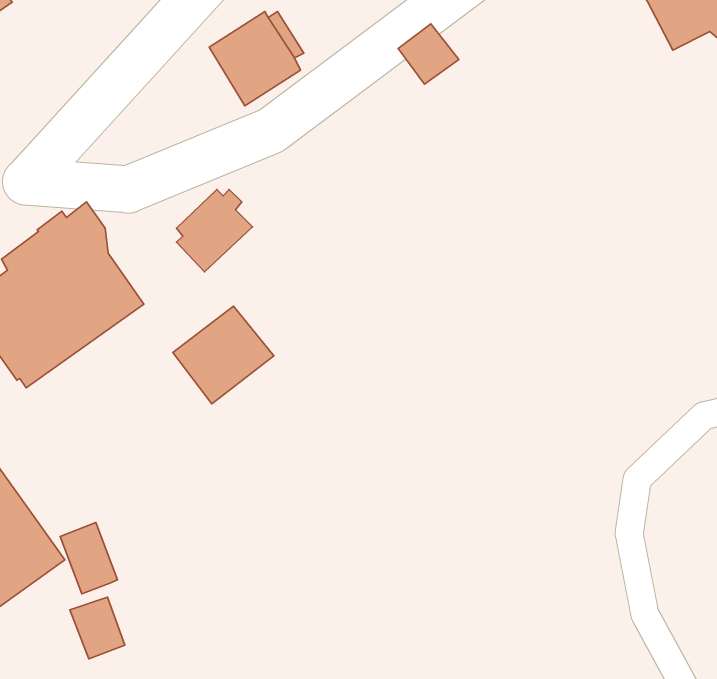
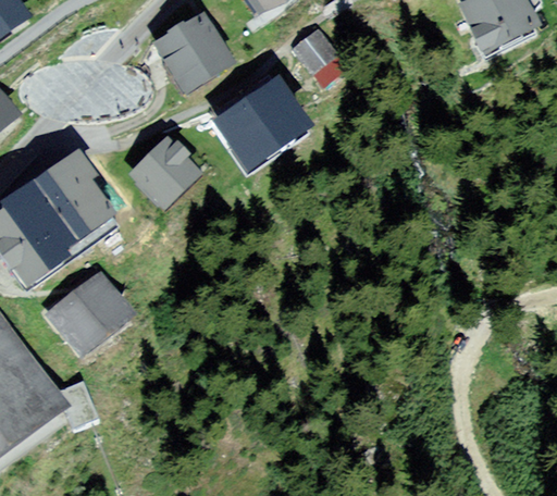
building: none -> [211,74,305,166]
building: [173,306,274,404] -> [55,281,126,349]
building: [70,597,125,659] -> none

